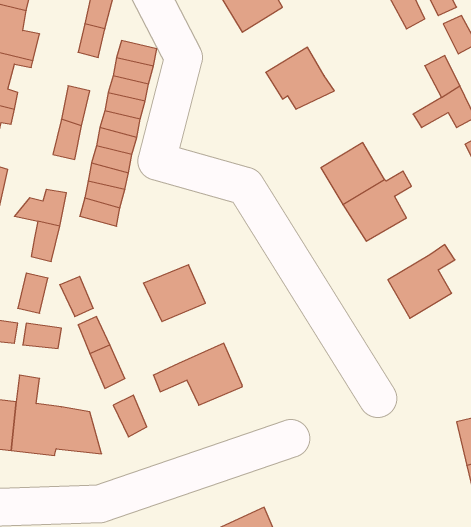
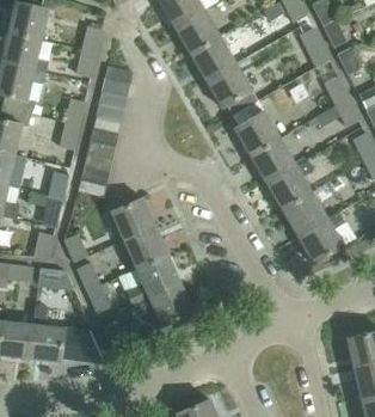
building: none -> [193,42,240,88]
building: none -> [234,111,279,157]
building: none -> [282,192,327,237]
building: none -> [111,197,155,239]
building: none -> [124,253,180,305]

